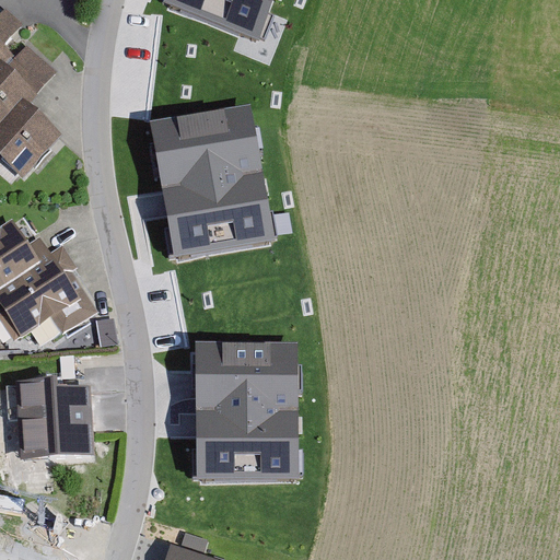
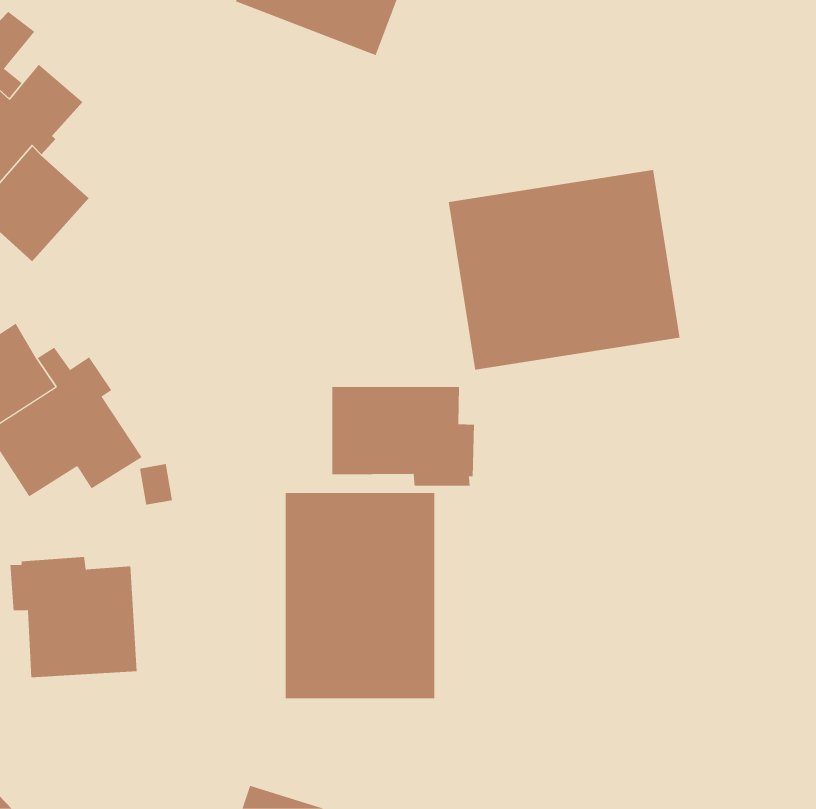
building: [150,98,272,254] -> none
building: none -> [448,169,680,371]
building: none -> [332,386,474,487]

